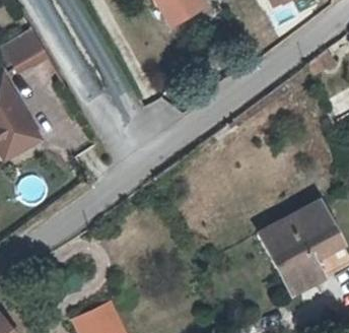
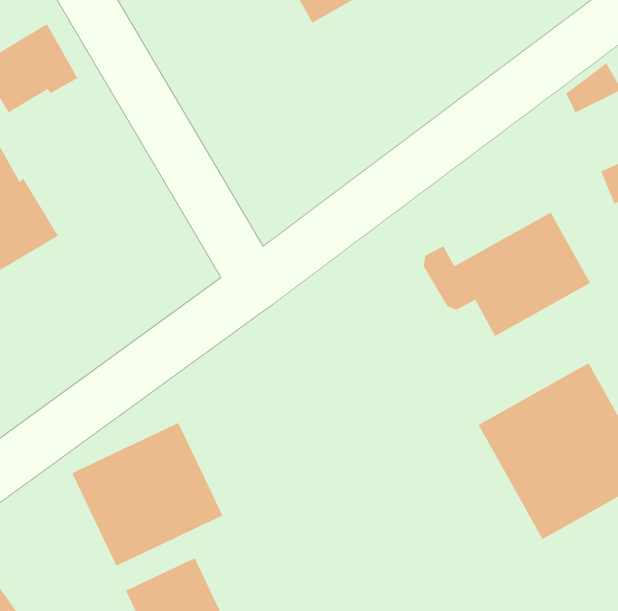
building: none -> [423,212,591,337]
building: none -> [72,422,223,566]

